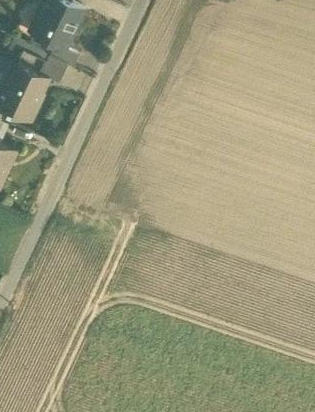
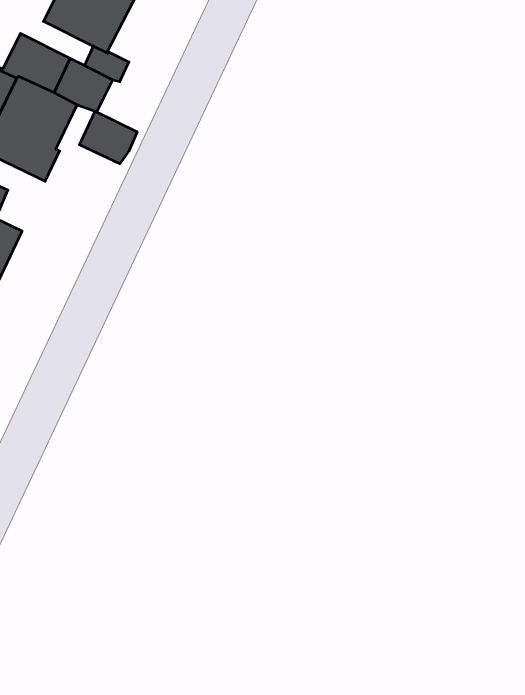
building: none -> [79,111,137,164]

